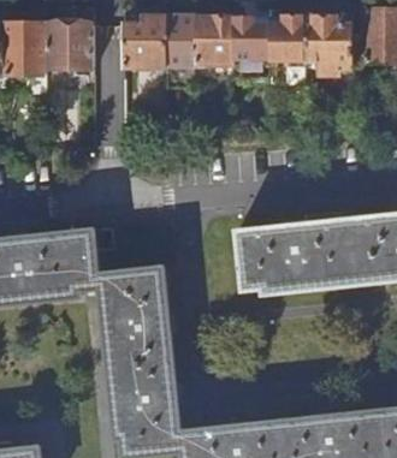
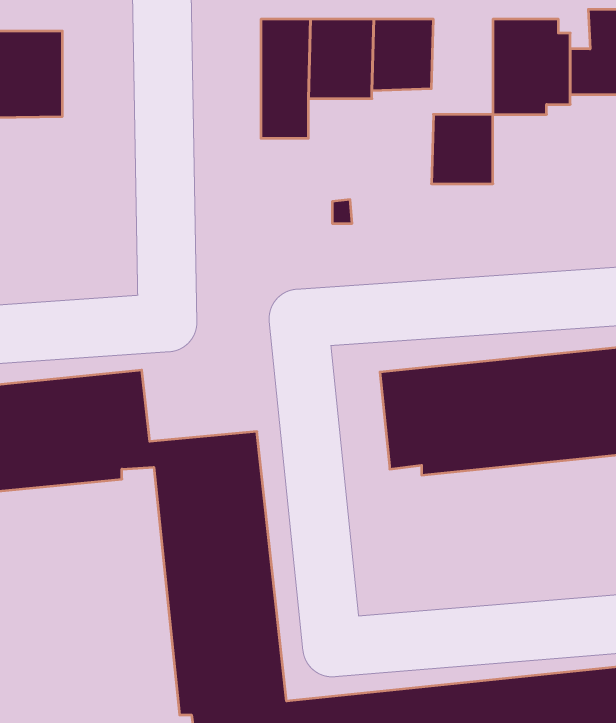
building: [123,16,165,66] -> none
building: [268,16,306,58] -> [431,114,493,184]
building: [45,23,93,69] -> none

